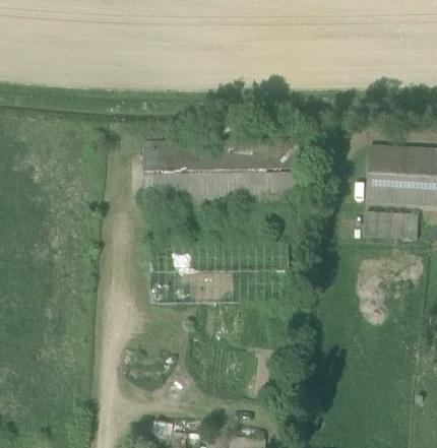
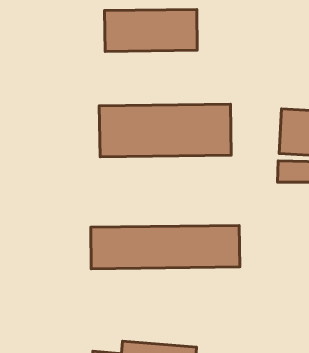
building: none -> [105,9,197,51]
building: none -> [91,225,240,269]

